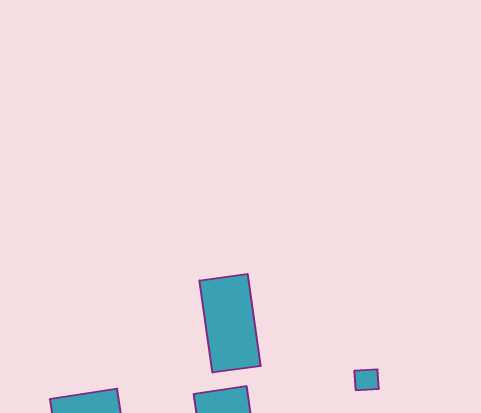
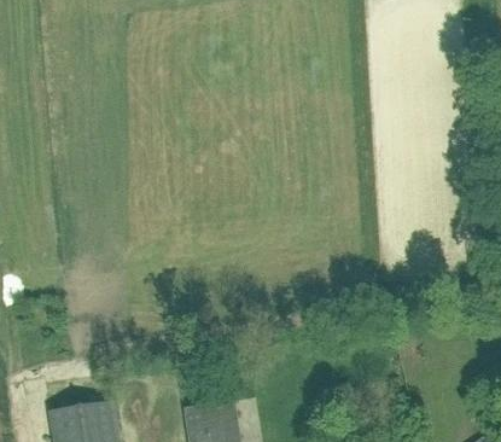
building: [200,274,261,373] -> none

